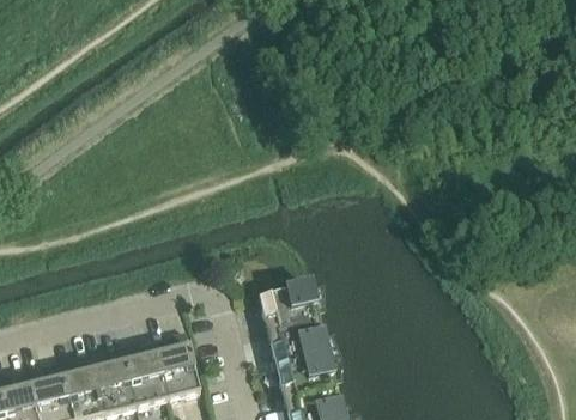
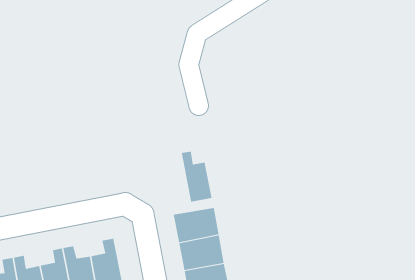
building: none -> [181,151,212,203]

